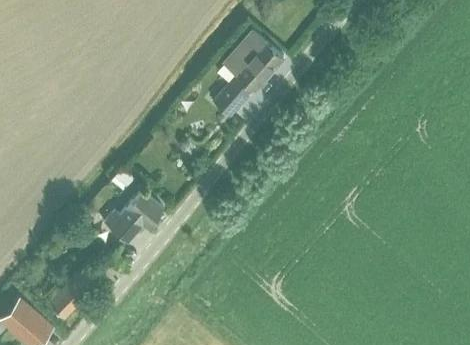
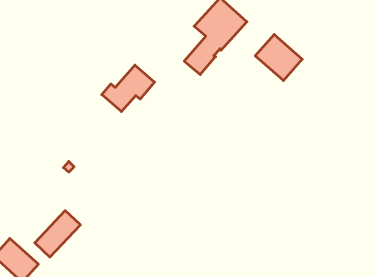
building: none -> [255,34,302,81]
building: [105,190,164,242] -> [102,65,155,112]

